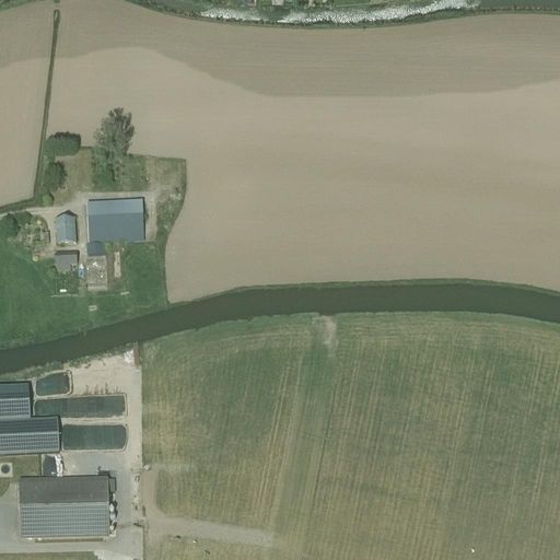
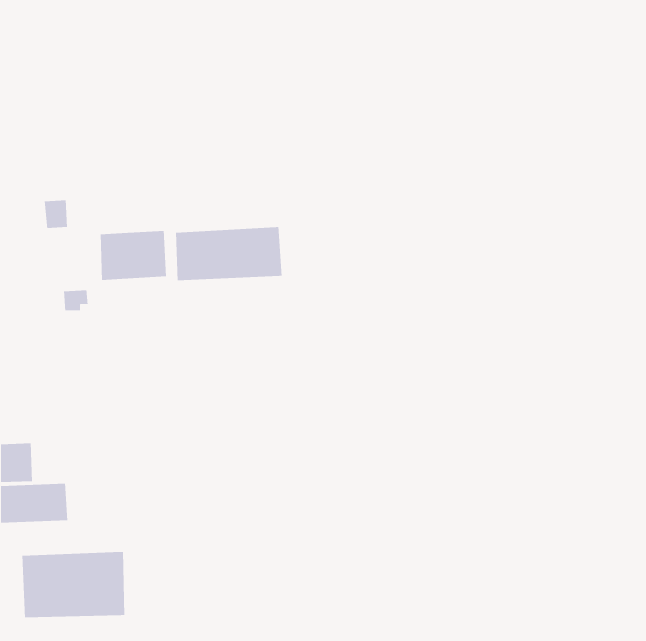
building: none -> [175,226,283,281]
building: [55,217,75,242] -> [44,200,68,229]

